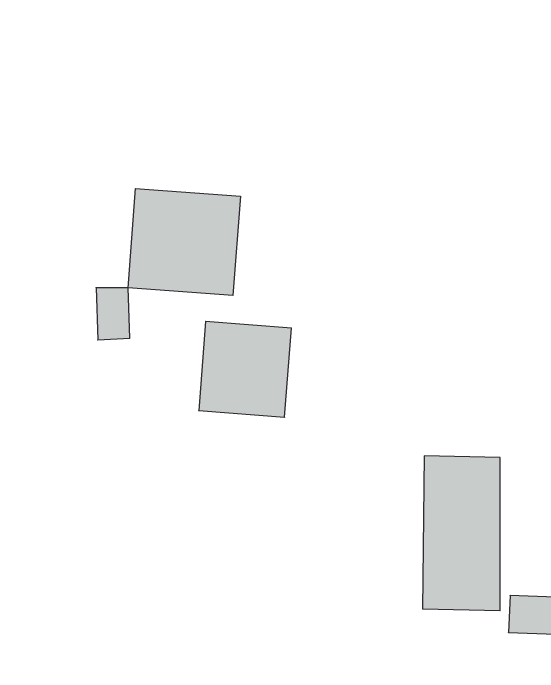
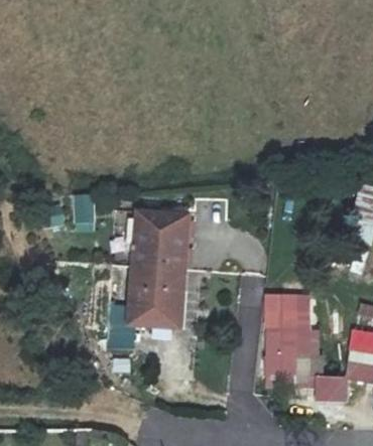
building: [128,189,240,295] -> none
building: none -> [128,265,183,327]

